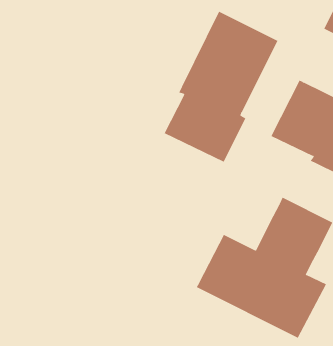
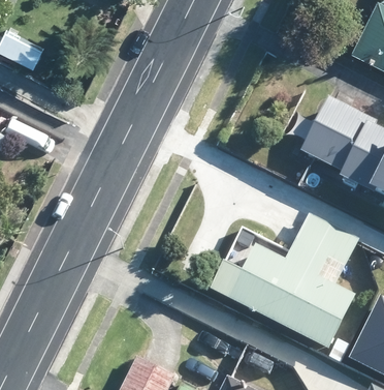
building: [164,11,278,162] -> none

